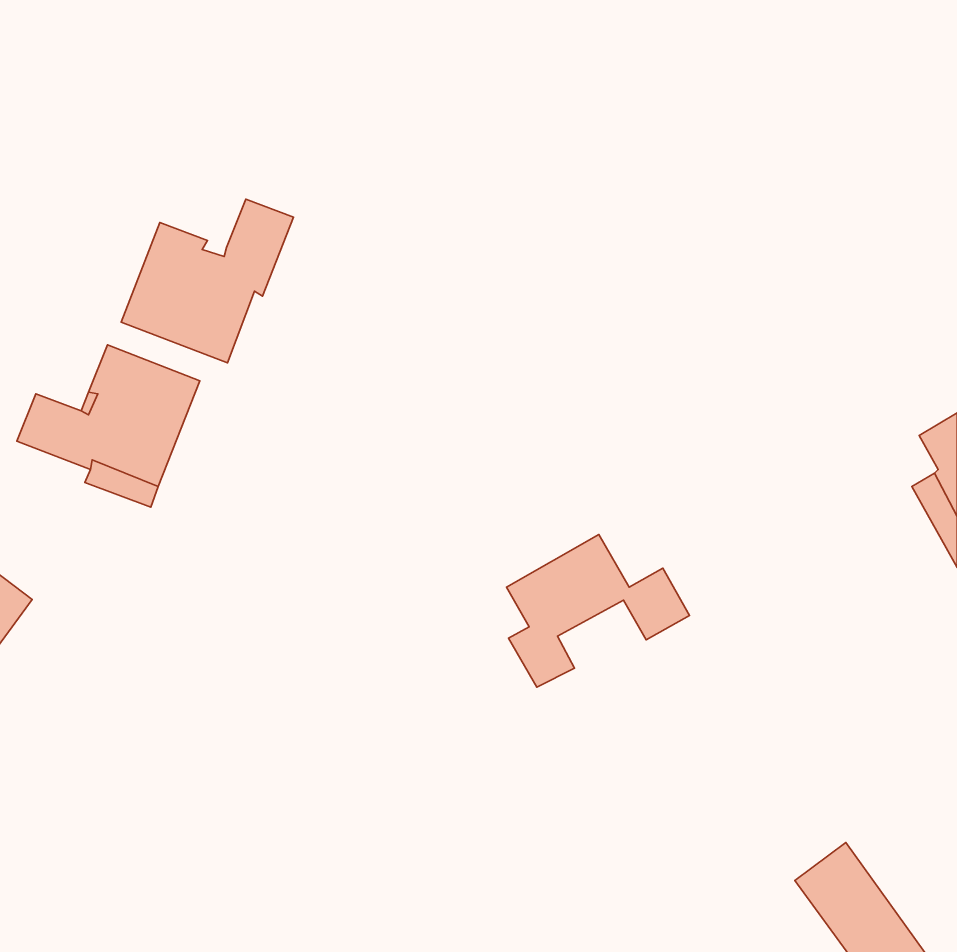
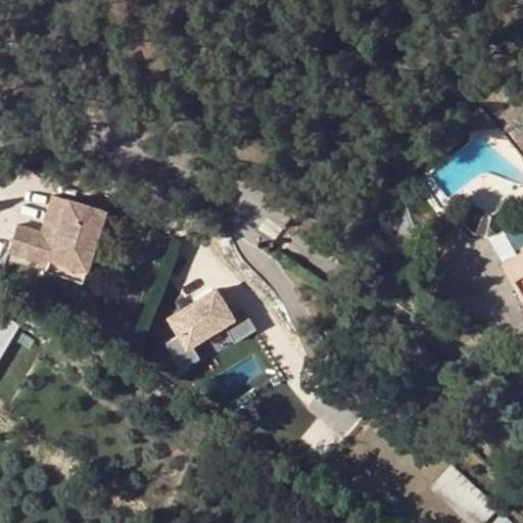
building: [121,199,293,363] -> none
building: [507,534,689,687] -> [160,294,259,377]

